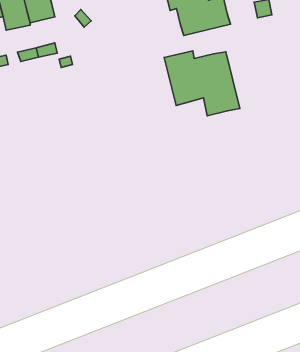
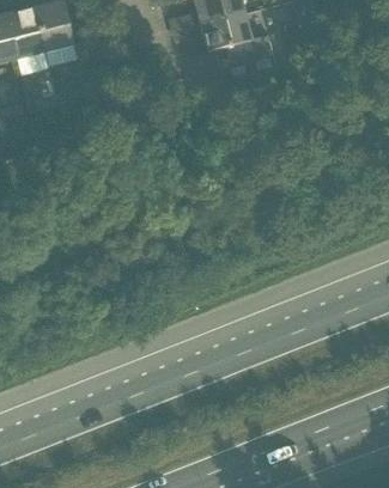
building: [164,51,240,116] -> none

